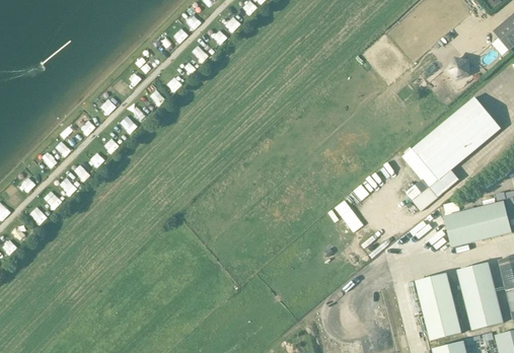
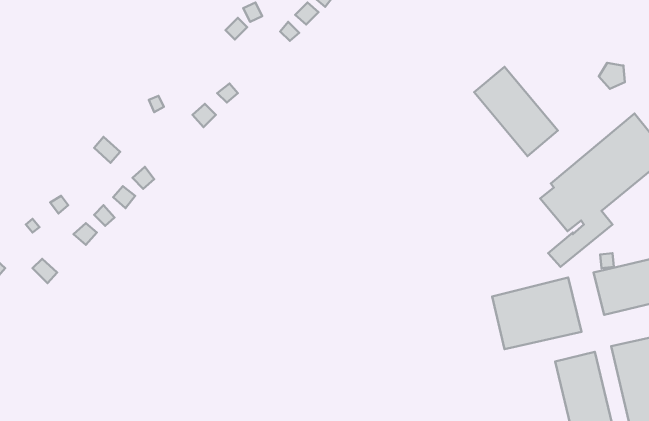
building: none -> [474,67,558,156]
building: none -> [492,278,581,349]

